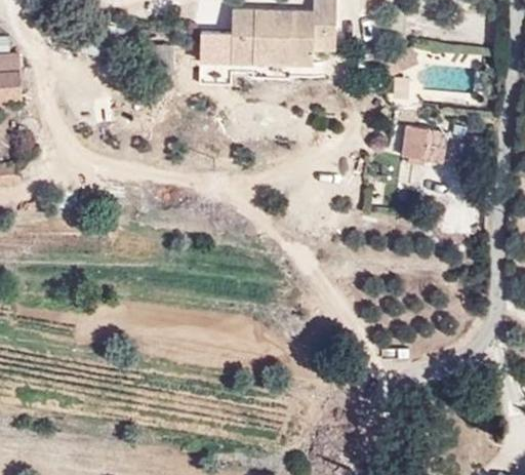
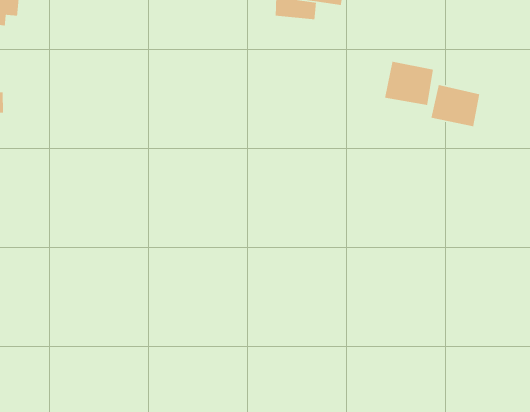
building: none -> [384,61,434,106]

